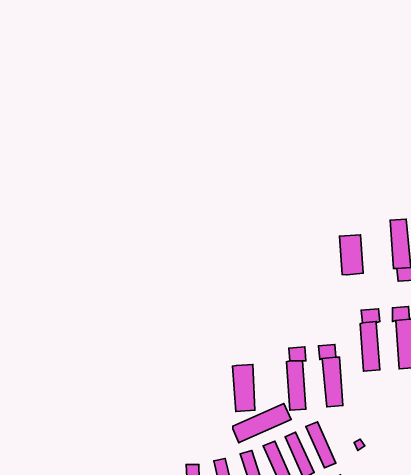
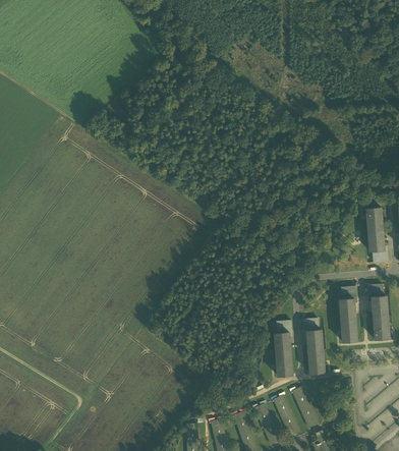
building: [340,235,363,275] -> none
building: [233,365,255,411] -> none
building: [233,403,291,443] -> none

